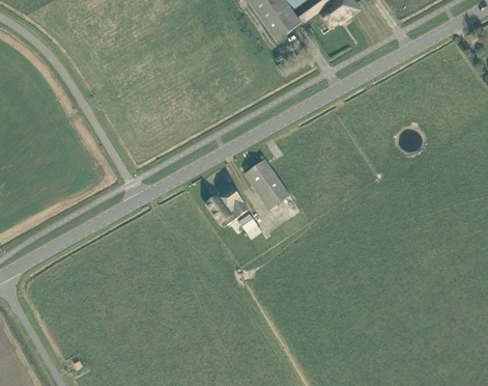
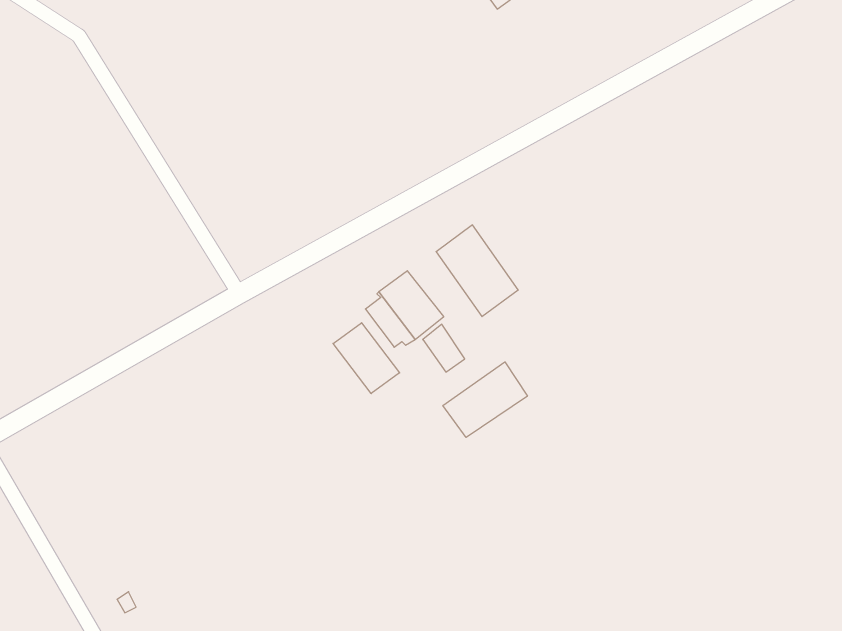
building: none -> [333,323,400,394]
building: none -> [443,362,527,437]

